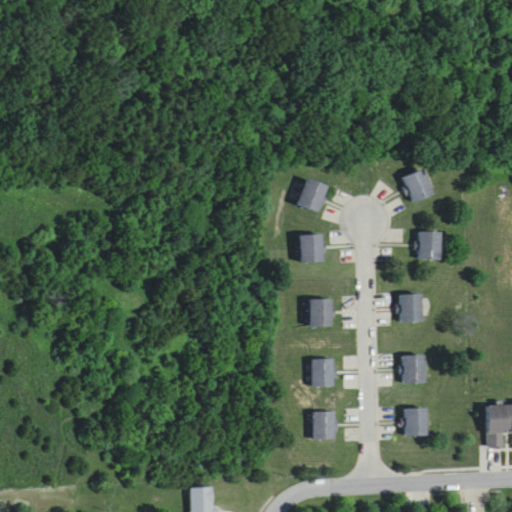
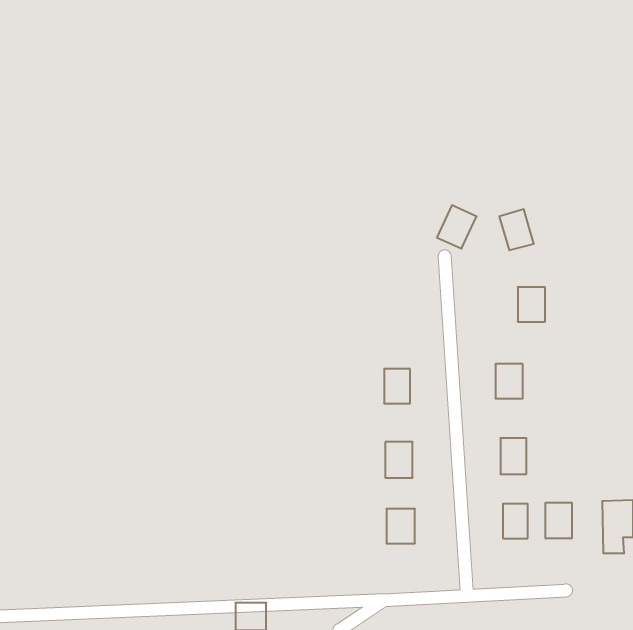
building: [296,178,328,213] -> [437,205,477,249]
building: [300,234,323,262] -> none
building: none -> [546,503,572,539]

